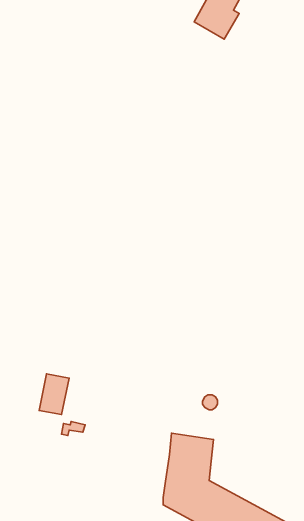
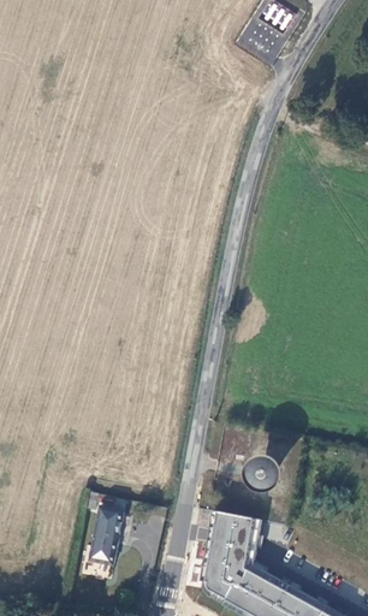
building: [39,374,69,415] -> [91,510,125,556]

